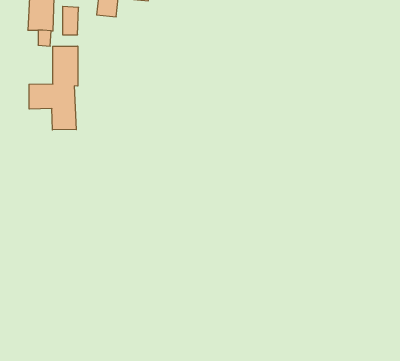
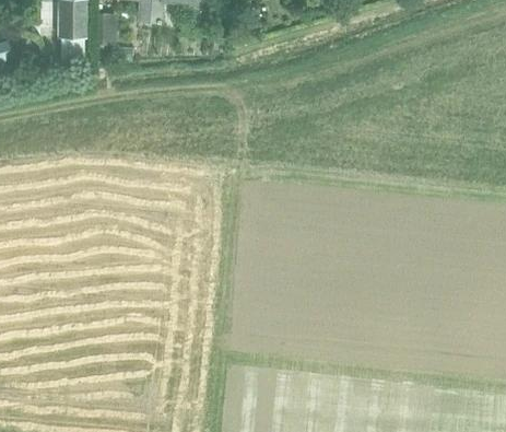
building: [29,46,78,130] -> none

